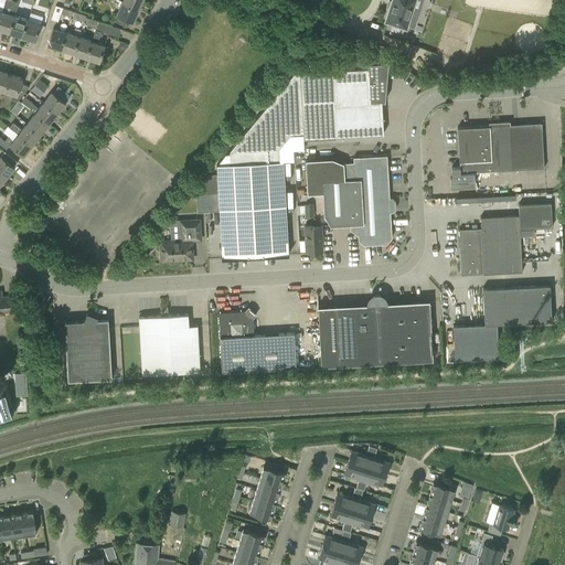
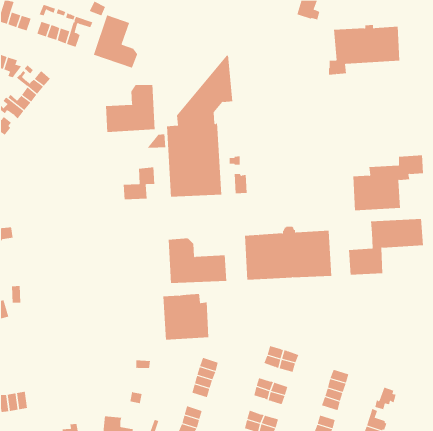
building: none -> [93,14,138,69]
building: [298,65,384,139] -> none
building: none -> [106,84,155,133]
building: [450,122,544,189] -> [328,24,400,75]
building: [306,158,394,247] -> none
building: [64,315,111,382] -> none
building: [139,316,200,376] -> [163,293,209,340]

